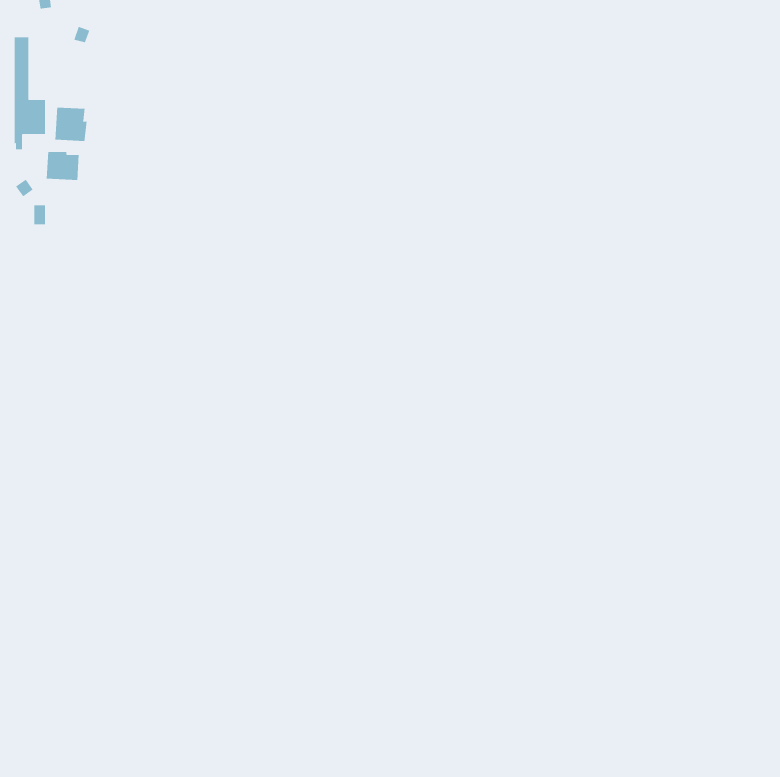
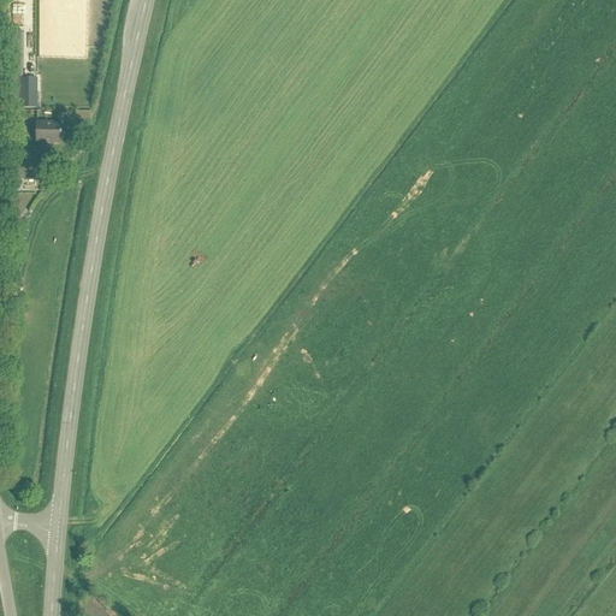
building: [55,107,87,142] -> none

